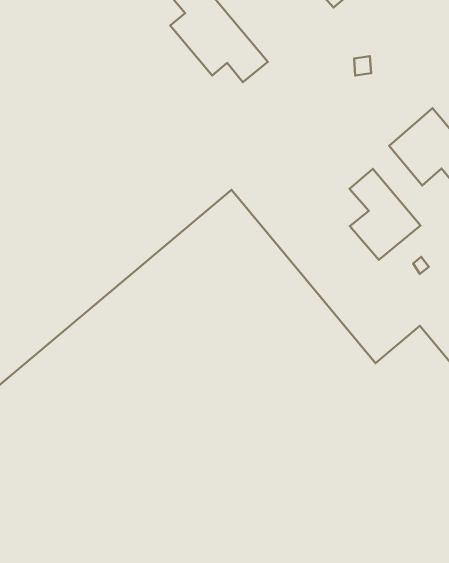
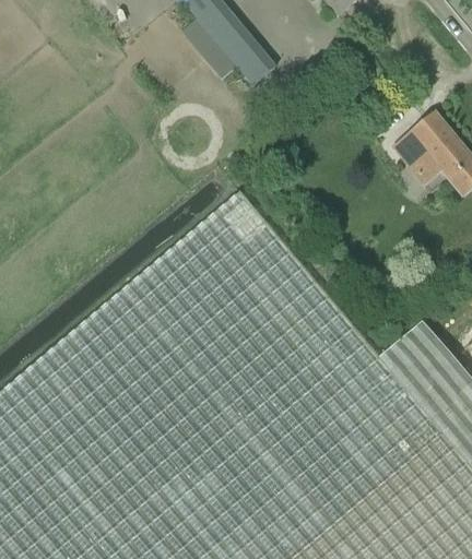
building: [350,169,421,260] -> none

